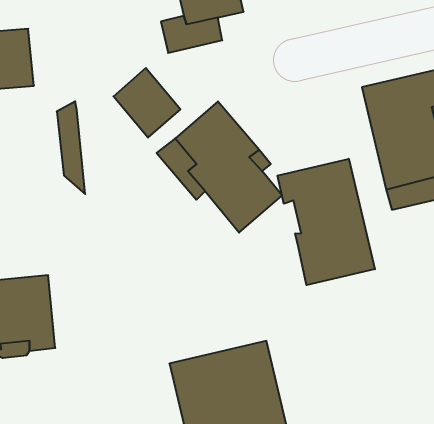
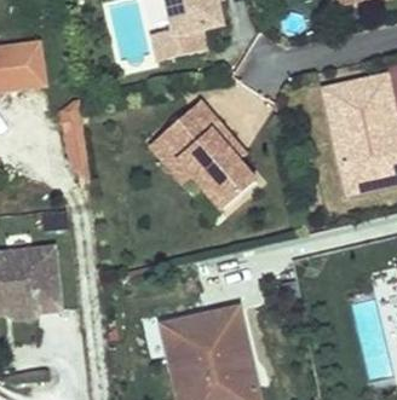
building: [113,68,180,138] -> none
building: [278,159,375,285] -> none

